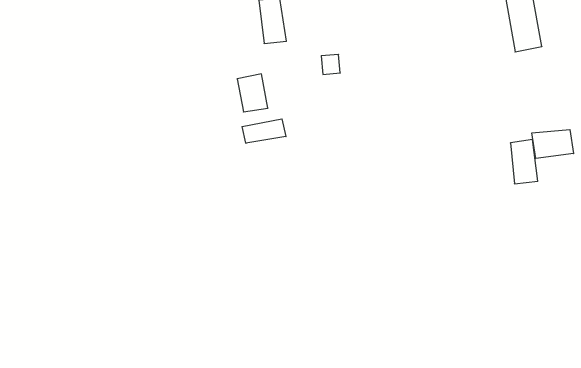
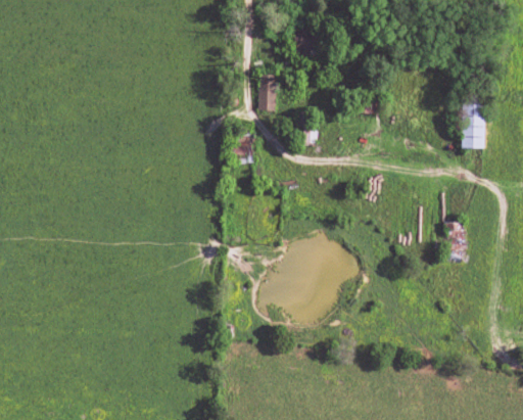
building: [242,119,286,143] -> none
building: [532,130,574,158] -> none

